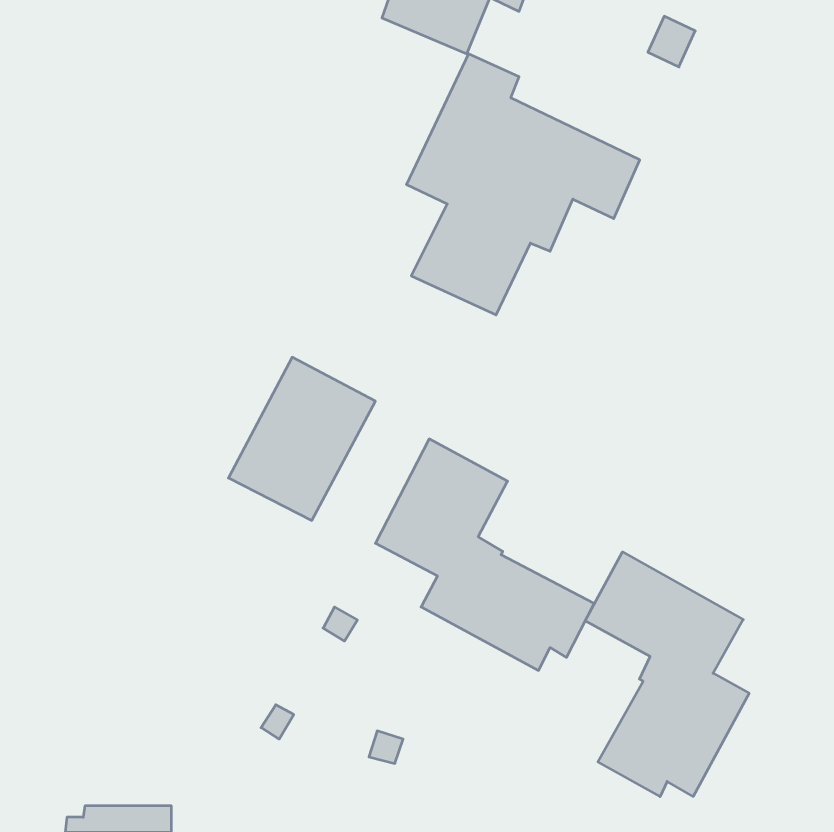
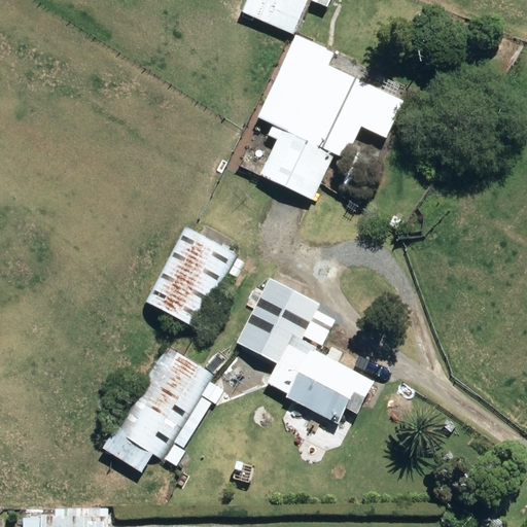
building: none -> [102,345,212,472]
building: [585,552,749,797] -> none

